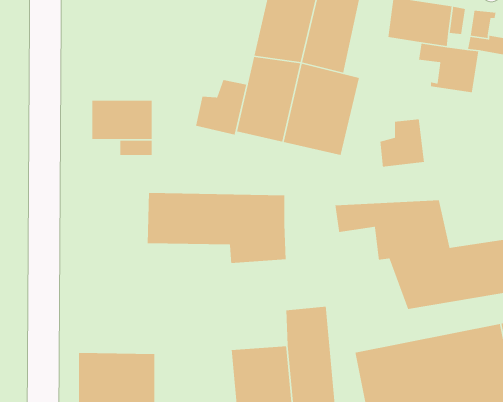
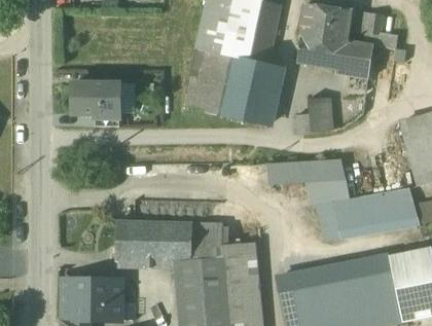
building: none -> [297,34,343,69]
building: [195,79,247,135] -> none
building: [147,192,286,264] -> [116,220,224,276]

